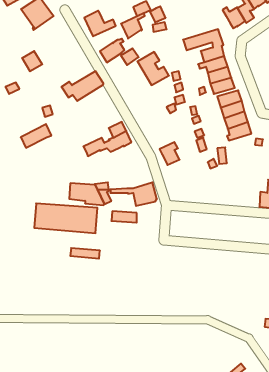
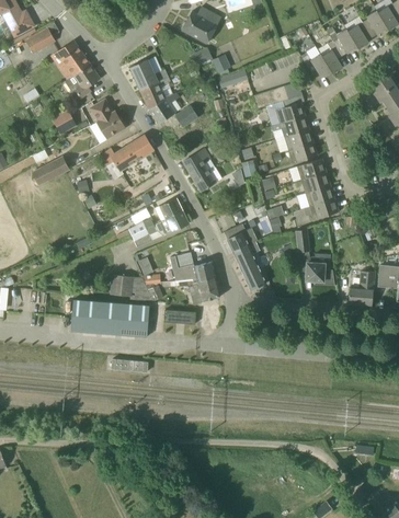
building: [121,13,145,39] -> [140,78,170,110]
building: none -> [66,66,100,99]
building: none -> [90,100,125,139]
building: [137,52,169,85] -> [183,149,223,191]
building: [21,124,51,148] -> [32,156,70,185]
building: none -> [233,245,269,290]
building: none -> [175,253,215,281]
building: none -> [305,256,330,285]

